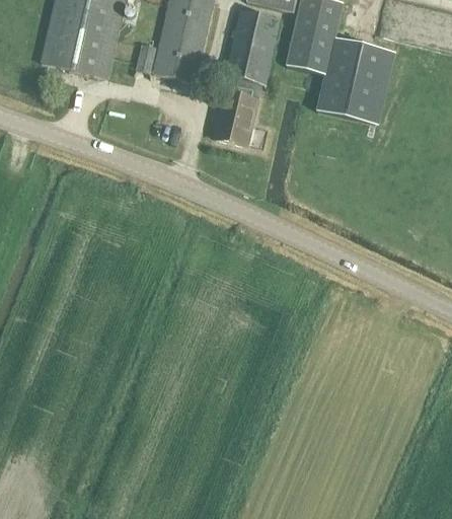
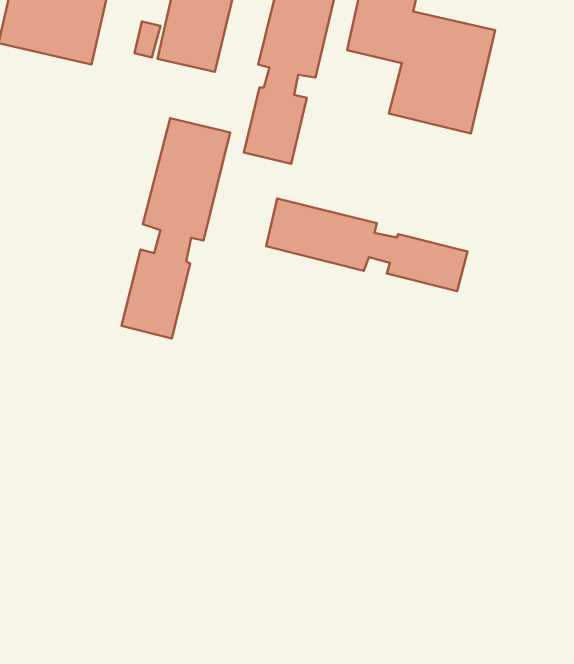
building: none -> [121,118,230,339]
building: none -> [266,198,467,291]

